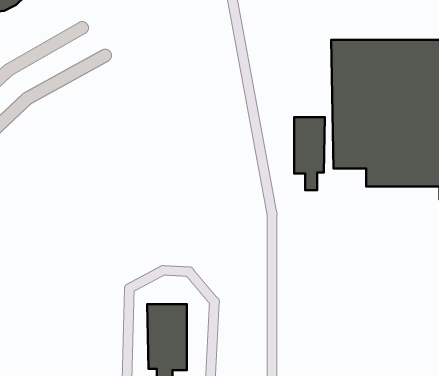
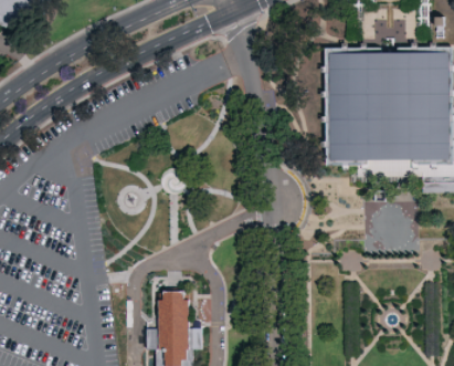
building: [294,117,325,190] -> none

